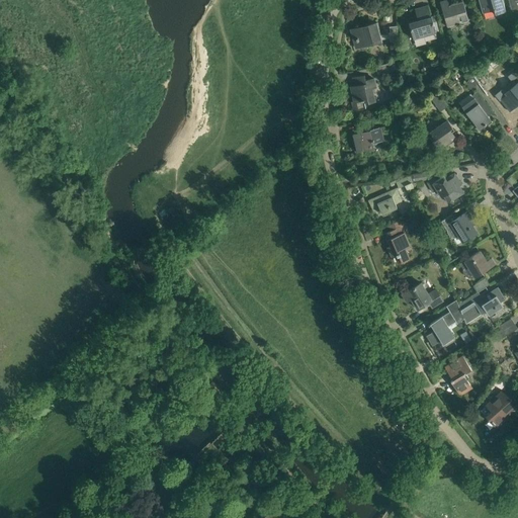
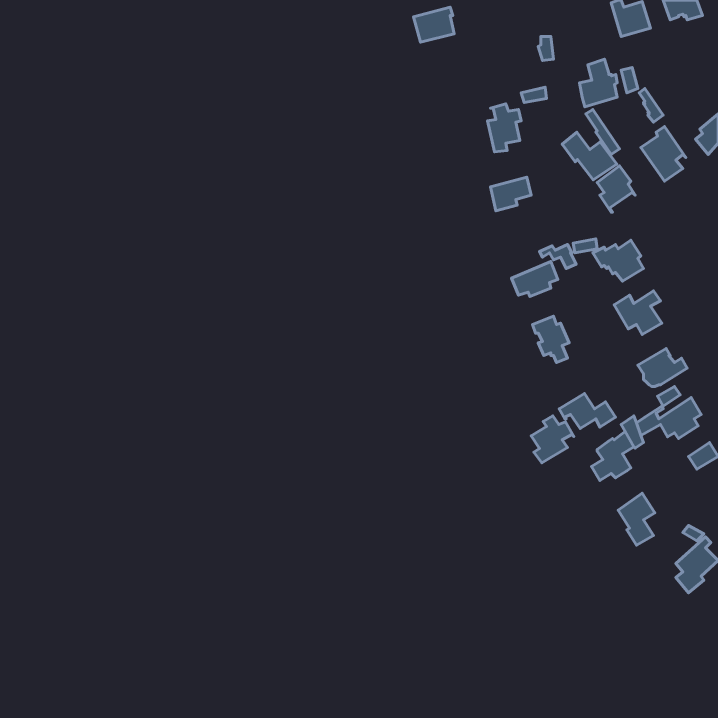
building: [409,5,436,39] -> [579,59,617,107]
building: [351,22,380,48] -> [413,7,454,42]
building: none -> [562,132,617,180]
building: none -> [531,416,574,463]

